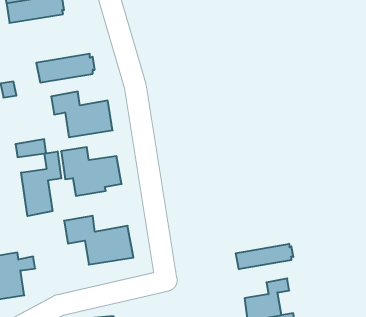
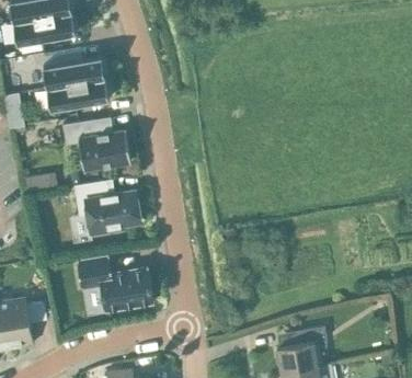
building: none -> [43,57,106,89]
building: [21,151,61,216] -> none
building: [236,244,293,269] -> none

